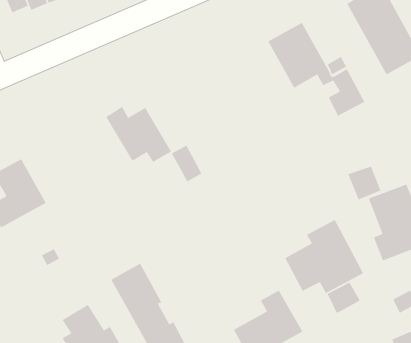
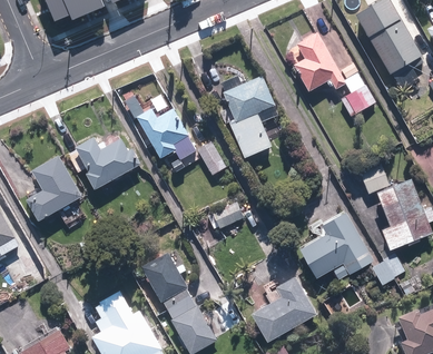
building: none -> [218,75,276,157]
building: none -> [65,136,140,189]
building: none -> [206,200,244,232]
building: [327,281,361,314] -> [372,255,403,285]

